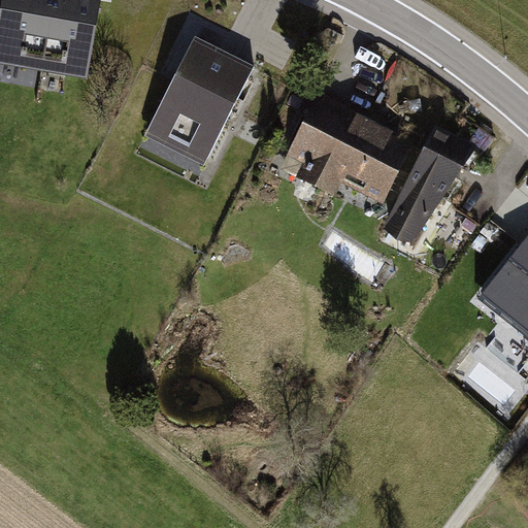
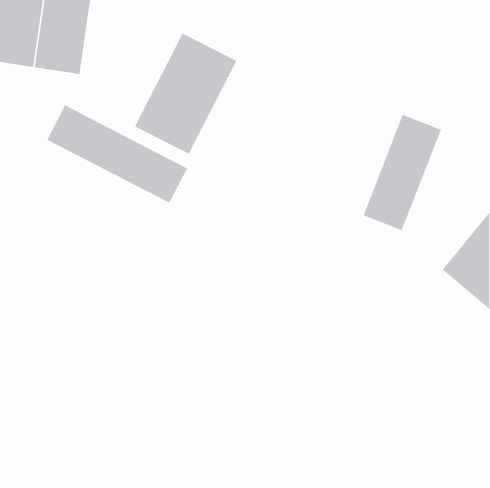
building: [279,94,409,204] -> none
building: none -> [46,105,188,204]

